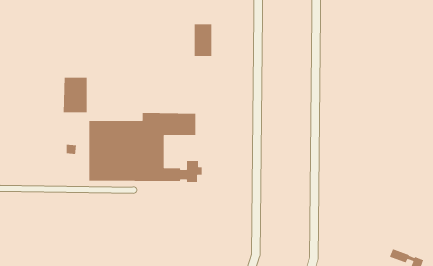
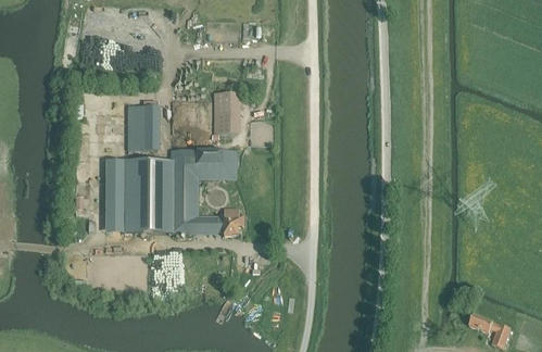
building: [194,23,212,57] -> [215,93,237,134]
building: [63,77,87,113] -> [128,105,157,149]

